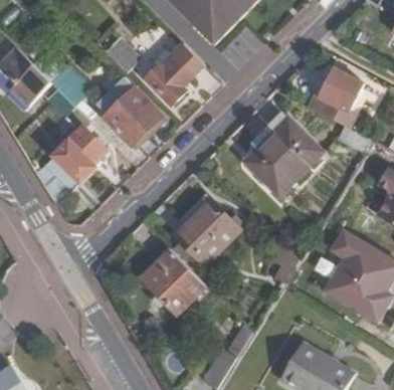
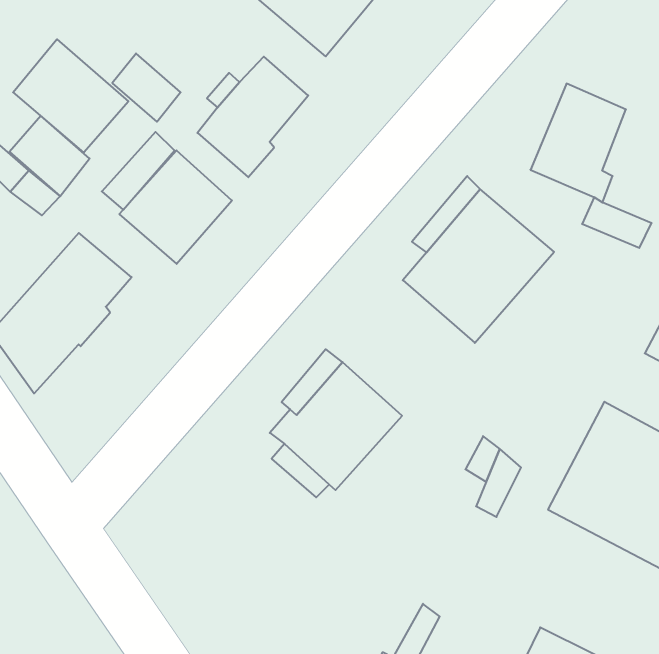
building: none -> [13,39,128,153]
building: [141,248,207,315] -> none

